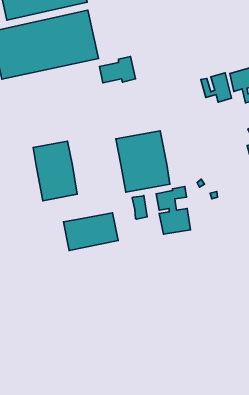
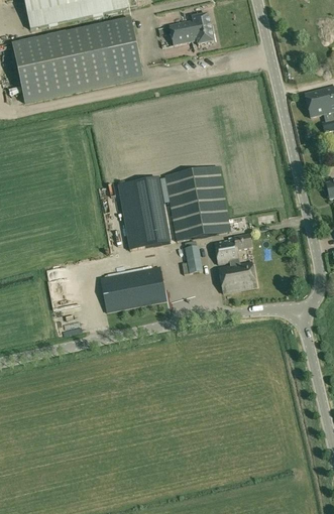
building: [99,57,136,83] -> [170,13,214,45]
building: [201,73,231,102] -> none
building: [33,141,77,201] -> [117,176,172,250]

